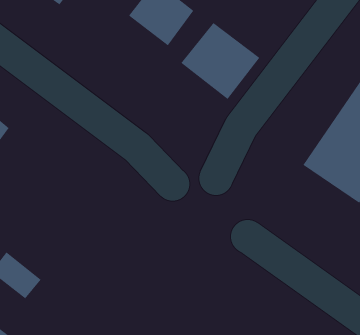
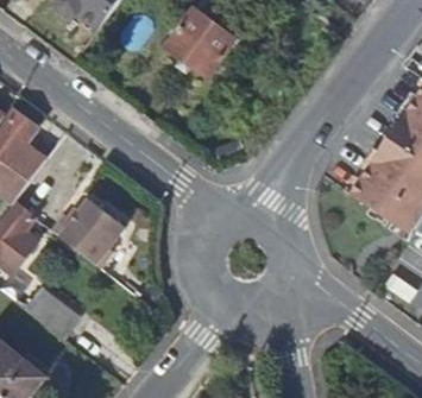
building: [180,22,260,100] -> none
building: none -> [51,197,125,265]

